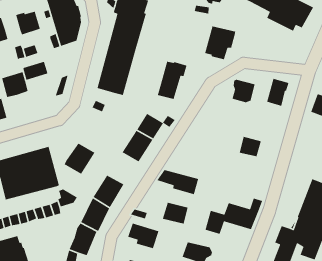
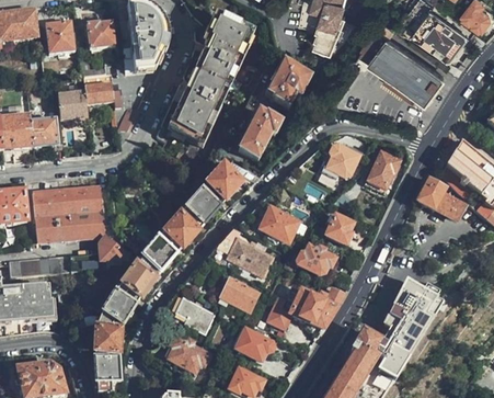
building: [204,25,236,60] -> [266,58,309,102]
building: none -> [261,205,300,240]
building: [63,143,96,175] -> [163,208,204,248]
building: none -> [297,243,335,276]

